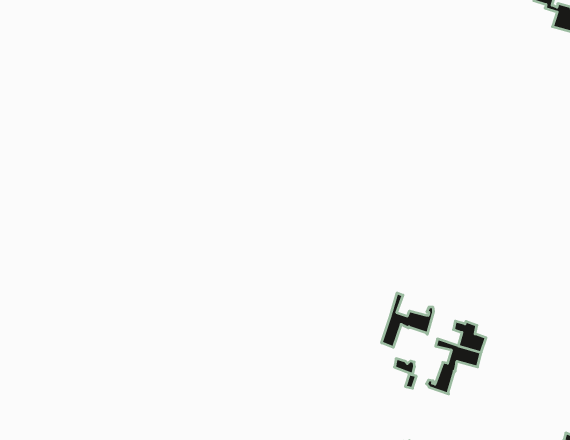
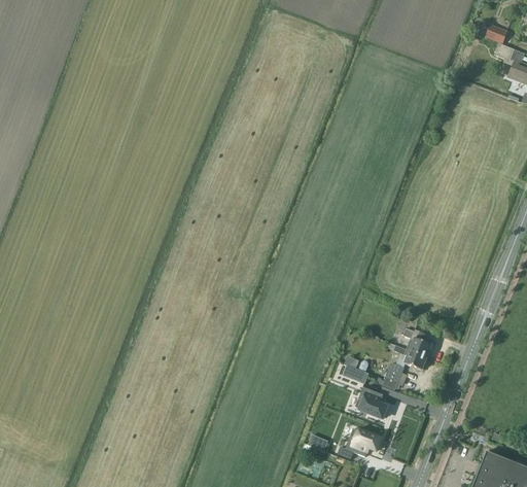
building: [382,293,433,347] -> none
building: none -> [355,387,387,419]

